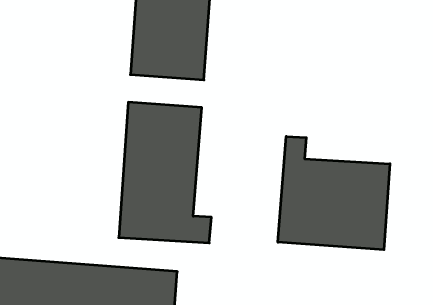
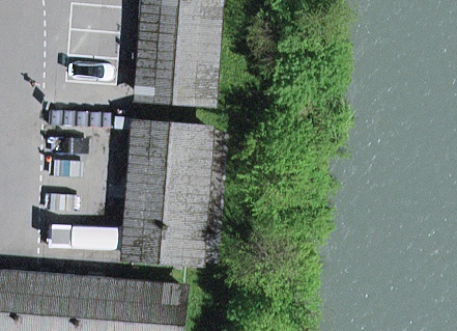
building: [278,136,390,250] -> none

